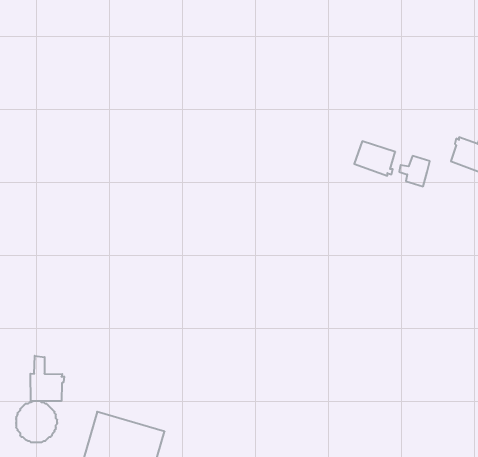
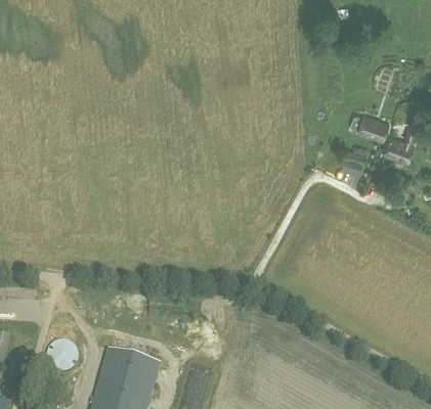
building: [354,141,395,176] -> [355,117,387,143]
building: [30,356,64,401] -> none

